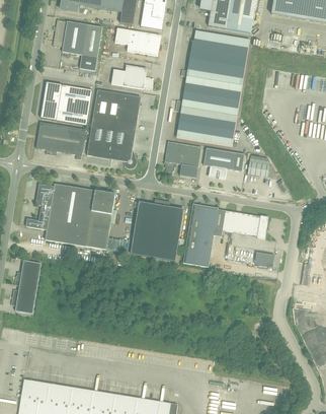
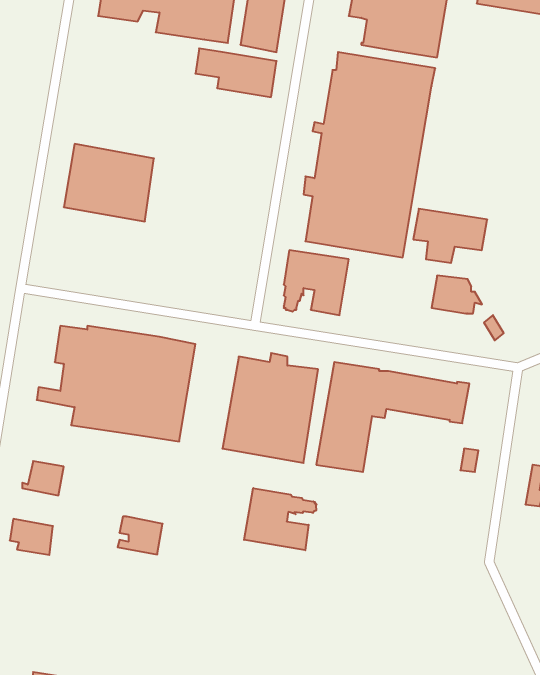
building: [52,19,102,70] -> none
building: [110,65,153,88] -> none
building: [86,89,141,166] -> none
building: [35,122,85,154] -> none
building: [202,147,244,178] -> [413,209,487,263]
building: none -> [244,488,316,550]
building: [12,275,37,296] -> [118,517,163,554]

